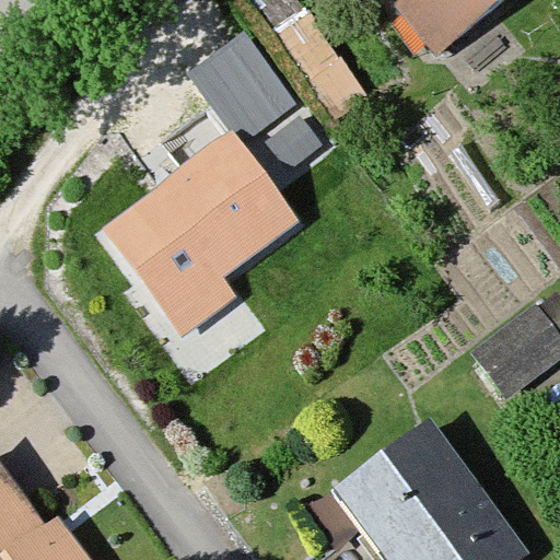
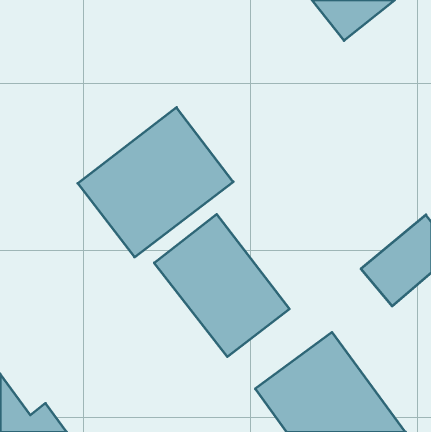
building: [185,21,301,139] -> none
building: none -> [154,214,289,357]

